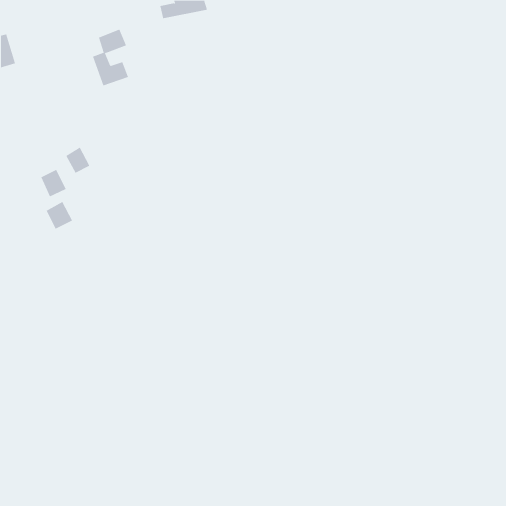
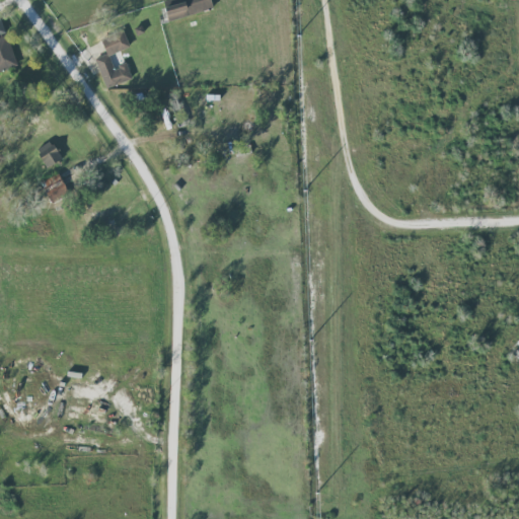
building: [65,147,90,174] -> [35,140,61,167]
building: [46,201,73,230] -> none

